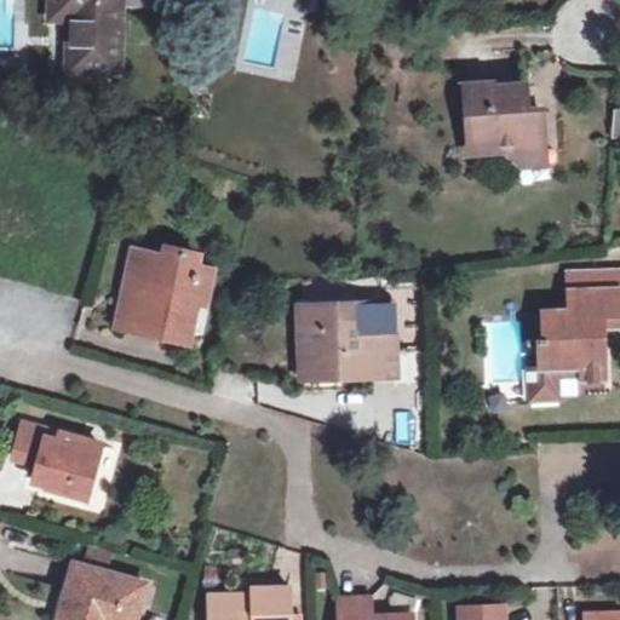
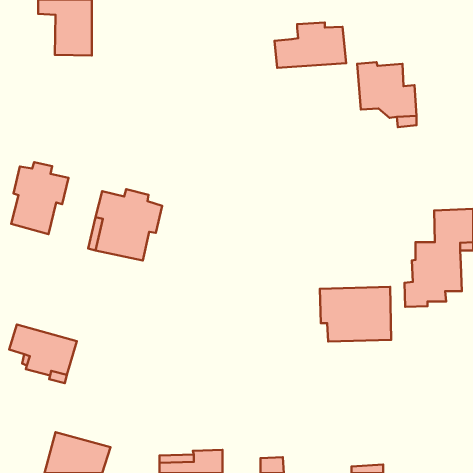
building: none -> [275,23,346,68]
building: none -> [11,162,68,234]
building: [302,305,395,377] -> [320,287,391,342]

